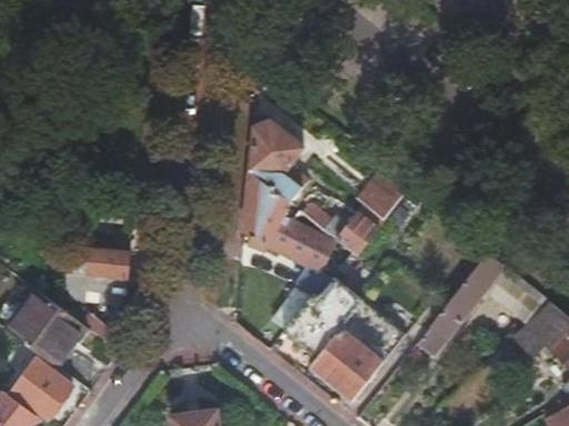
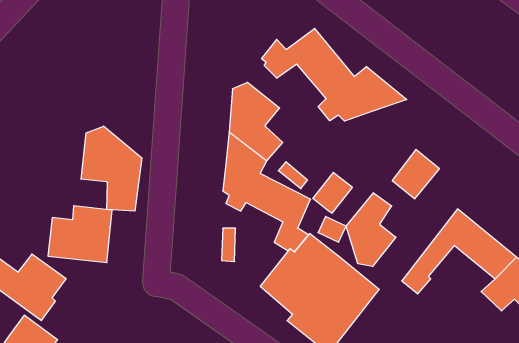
building: none -> [262,28,407,121]
building: none -> [81,126,142,211]
building: [358,169,407,220] -> [392,149,439,199]
building: none -> [346,193,396,266]

